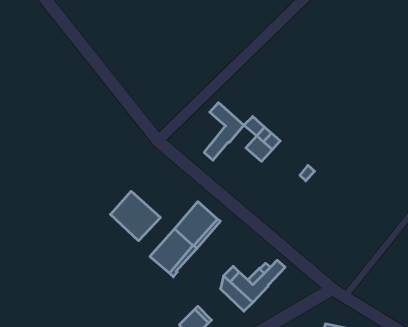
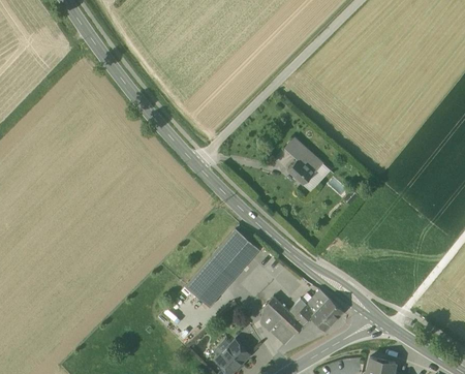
building: [204,103,244,160] -> none
building: [110,191,160,241] -> none
building: none -> [310,298,343,331]

